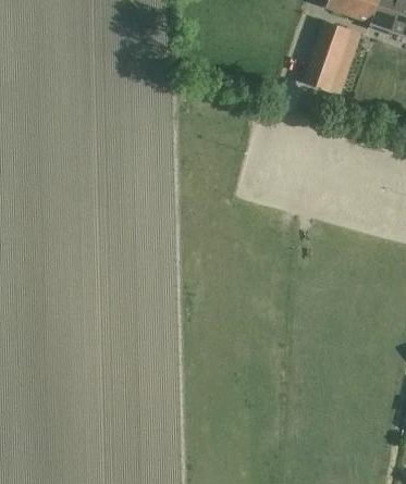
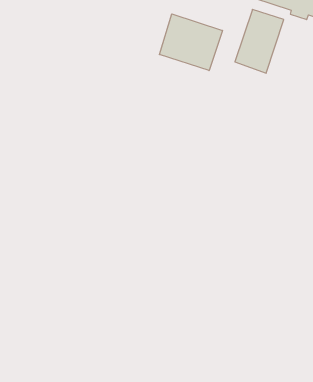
building: none -> [159,14,222,71]

